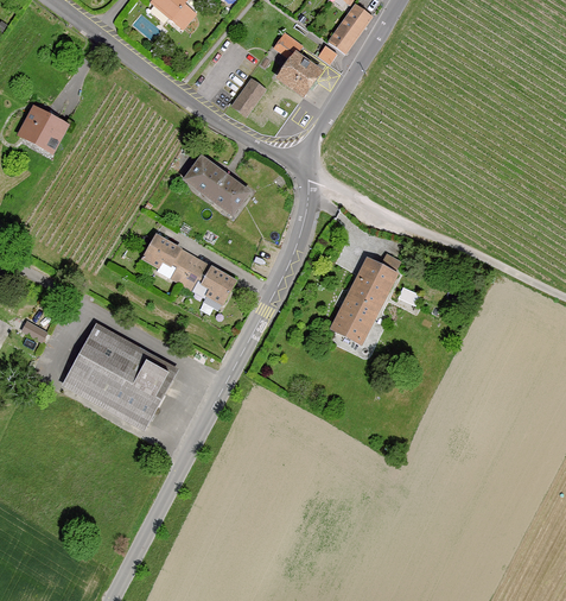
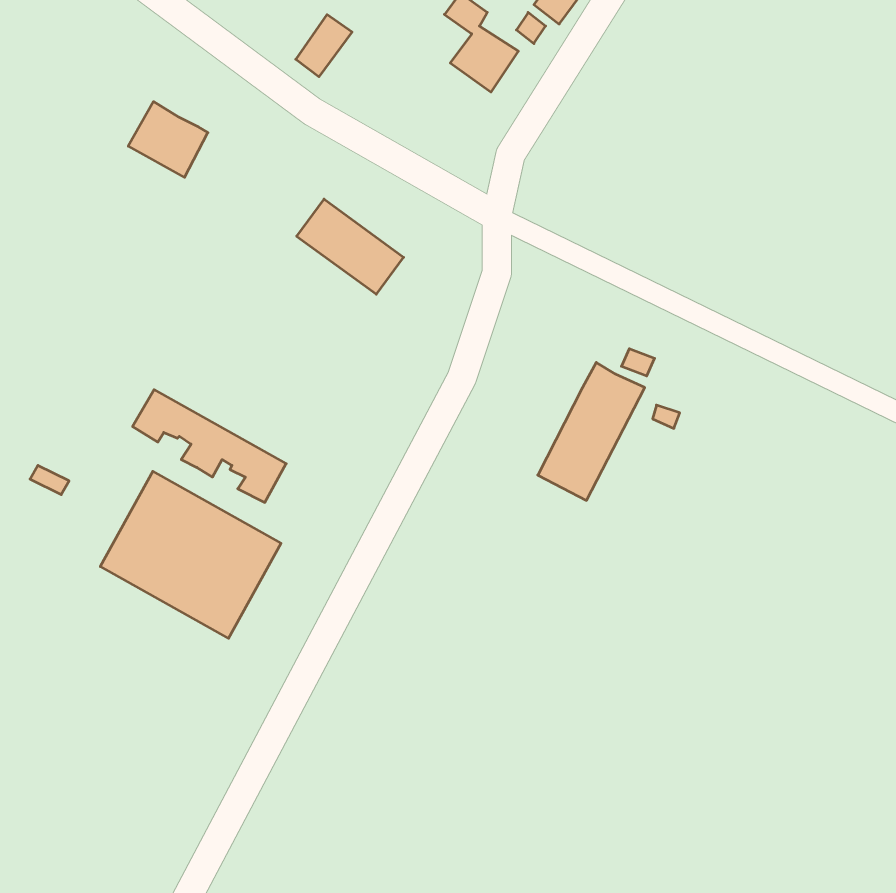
building: [231,77,266,115] -> [296,15,352,77]
building: [19,106,68,152] -> [128,102,208,177]
building: [141,234,235,303] -> [133,390,286,502]

